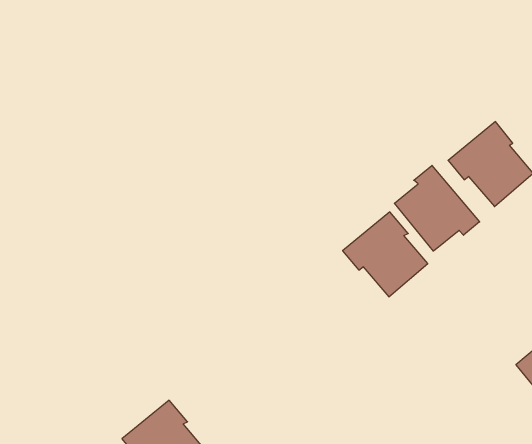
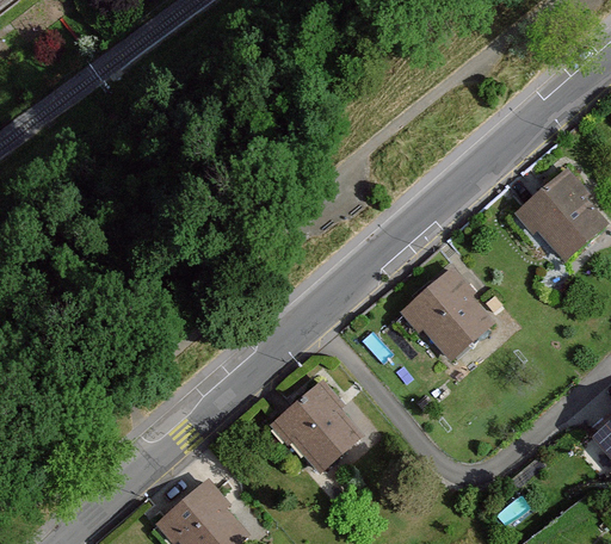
building: [394,165,480,251] -> none
building: none -> [270,379,364,474]

